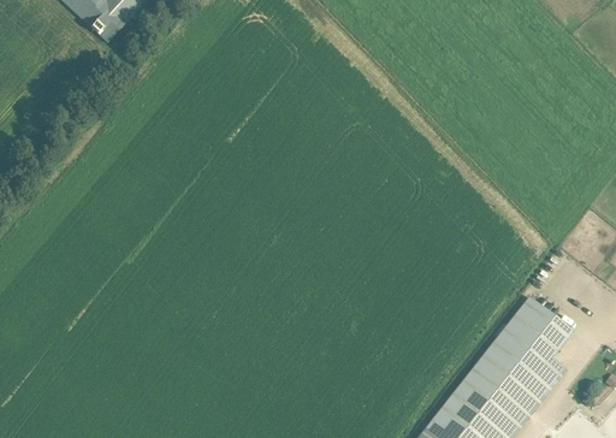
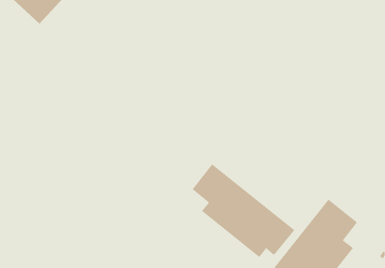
building: none -> [192,163,295,258]

